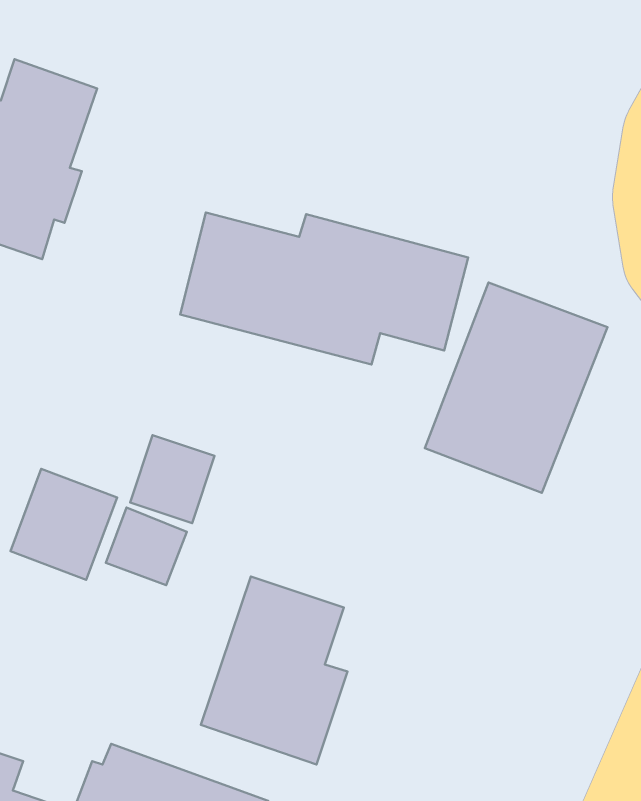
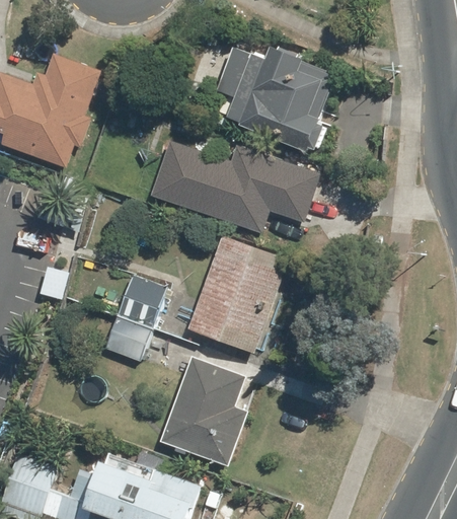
building: none -> [220,46,329,137]
building: [425,282,608,493] -> [183,233,291,357]
building: [10,469,117,580] -> none

